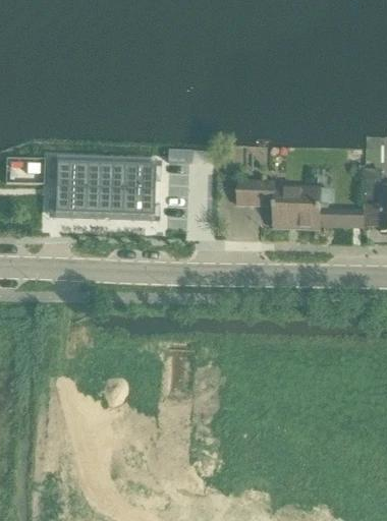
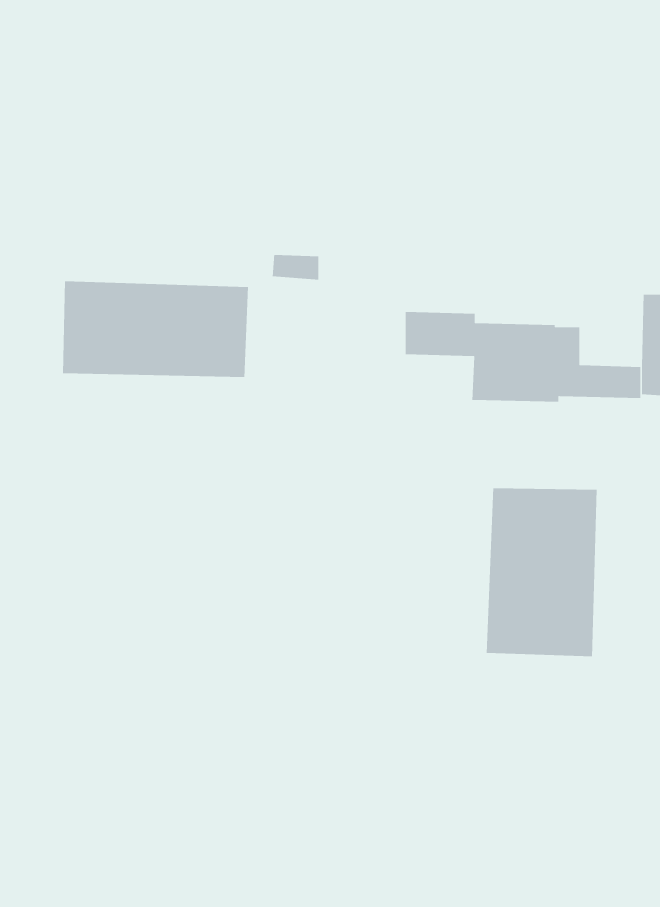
building: none -> [486,487,597,657]

